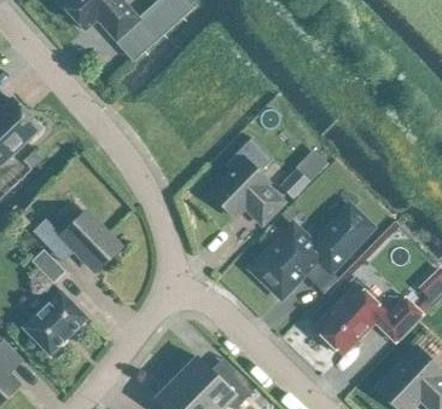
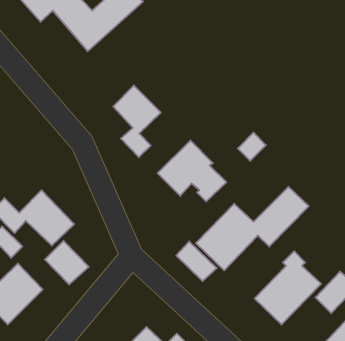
building: none -> [113,85,161,157]
building: none -> [45,241,89,285]
building: none -> [176,241,217,281]

